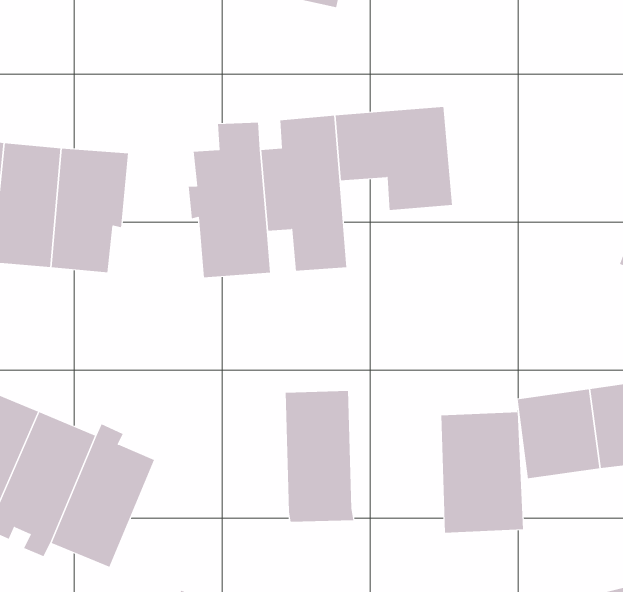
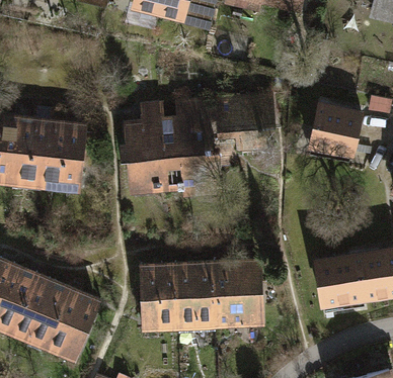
building: none -> [309,103,361,159]
building: none -> [140,259,180,329]
building: [441,412,524,533] -> [216,256,264,326]

